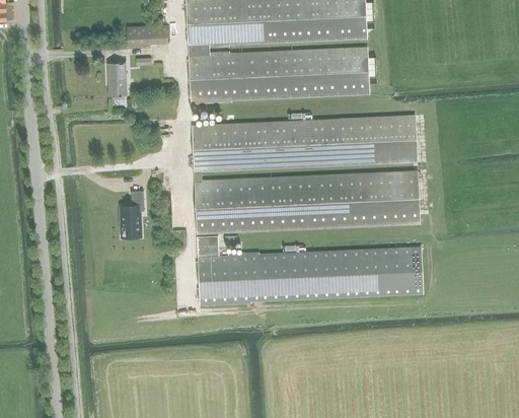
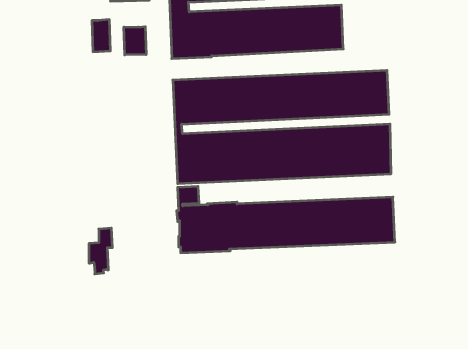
building: none -> [124,27,146,55]
building: [121,190,145,237] -> [89,228,112,274]

